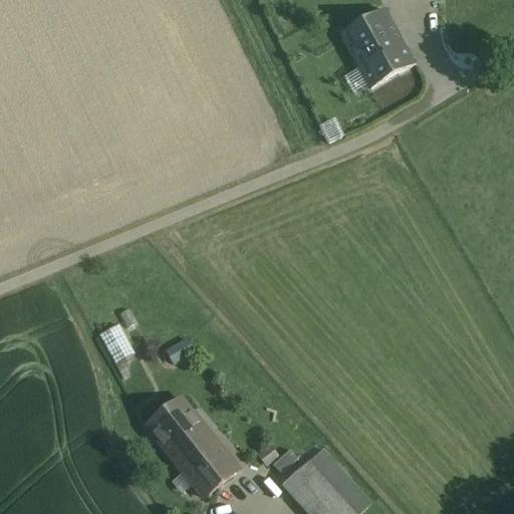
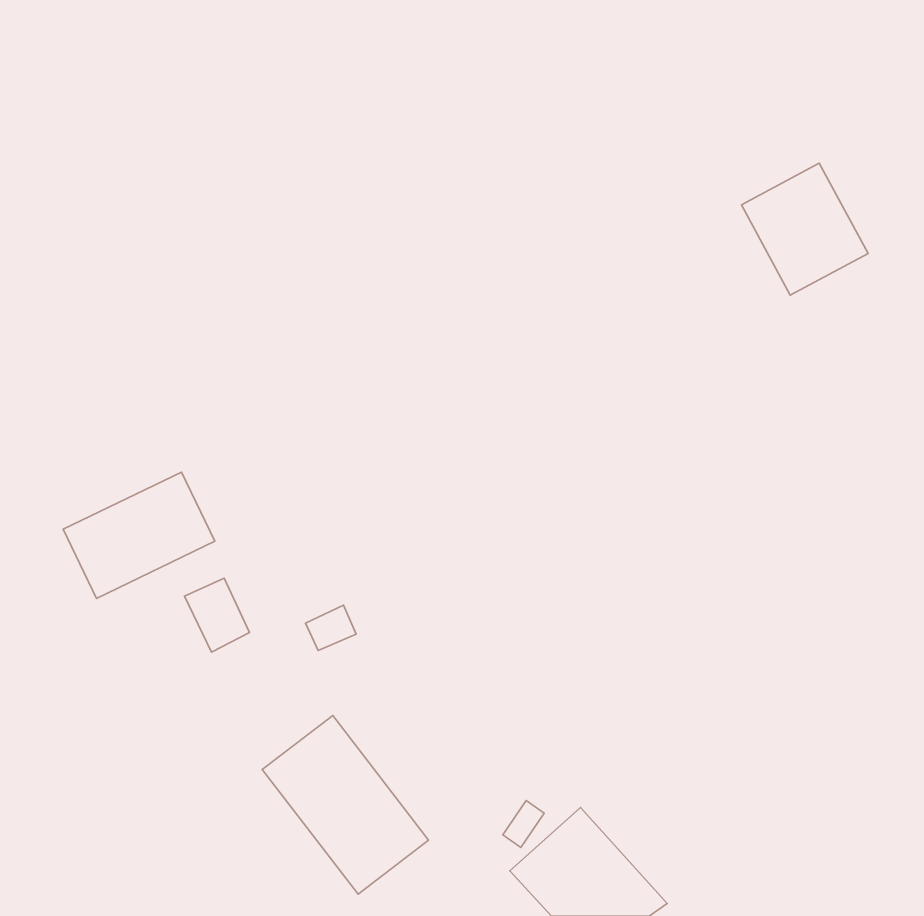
building: [342,11,413,84] -> [741,163,868,295]
building: none -> [63,472,215,598]

